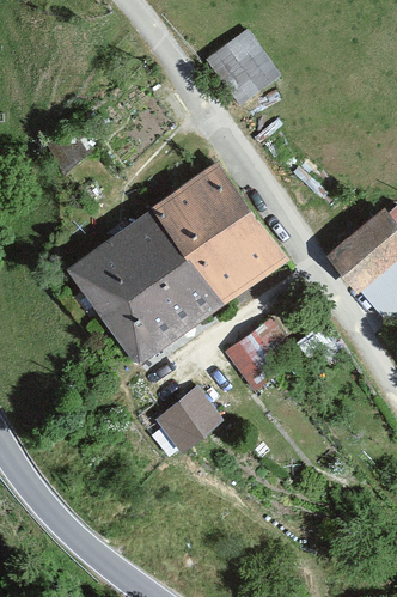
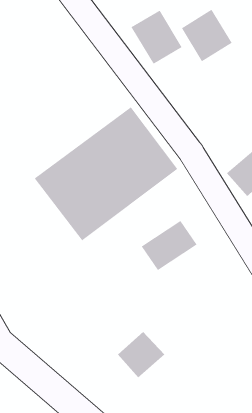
building: none -> [181,9,232,62]
building: [160,394,226,458] -> [117,331,165,378]

